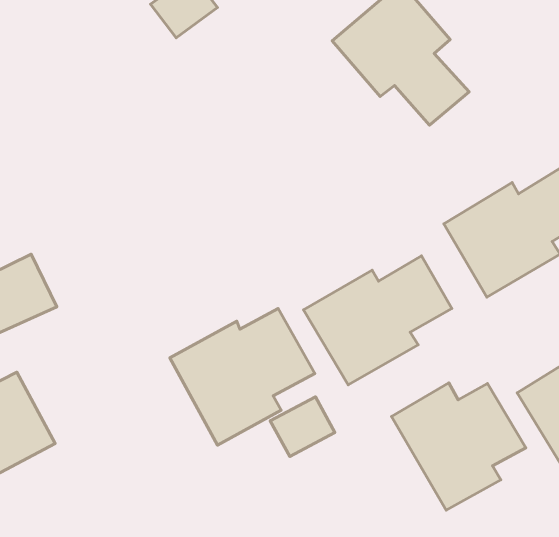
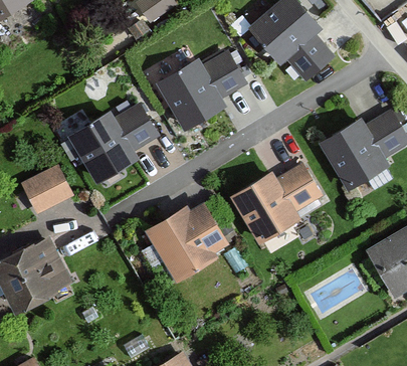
building: none -> [157,50,246,130]
building: none -> [67,105,160,185]
building: [391,383,526,510] -> none
building: [270,397,335,456] -> none

